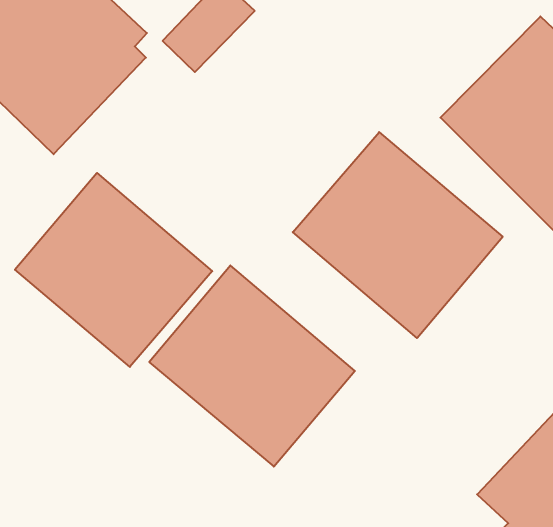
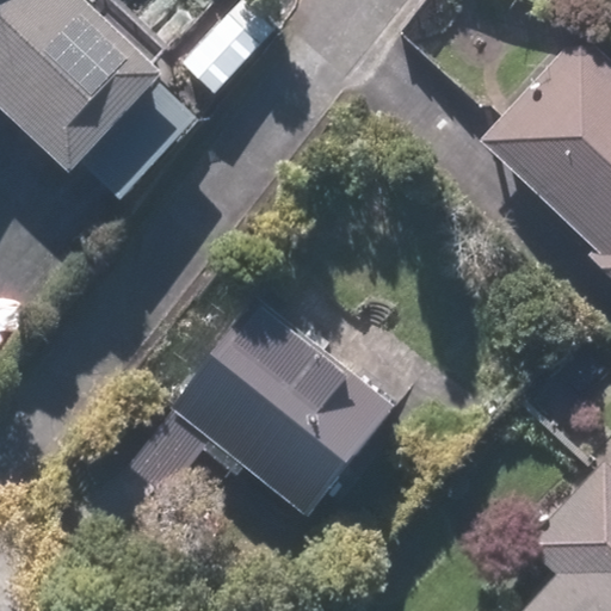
building: [293,132,503,338] -> none
building: [15,173,212,367] -> none

